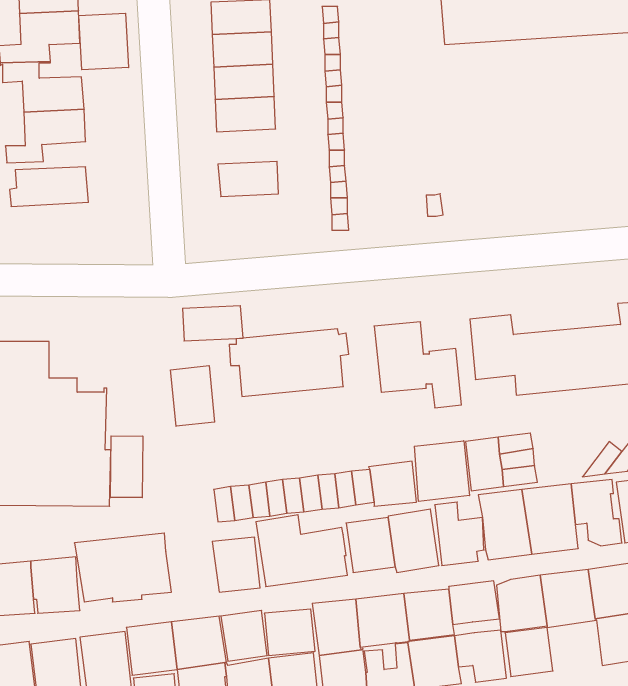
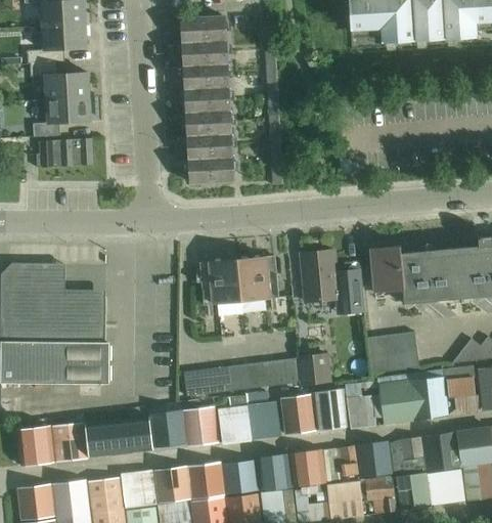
building: [79,13,129,70] -> none
building: none -> [186,111,230,136]
building: [183,306,243,341] -> [189,158,233,183]
building: [171,366,215,426] -> none
building: [111,436,143,498] -> none
building: [414,441,469,501] -> none
building: none -> [150,411,186,449]
building: none -> [427,468,466,505]

